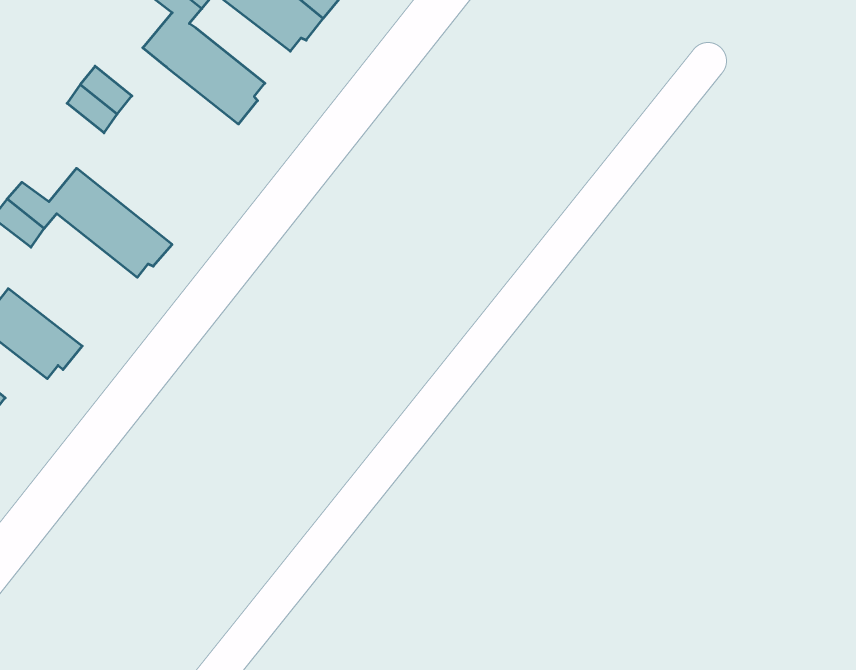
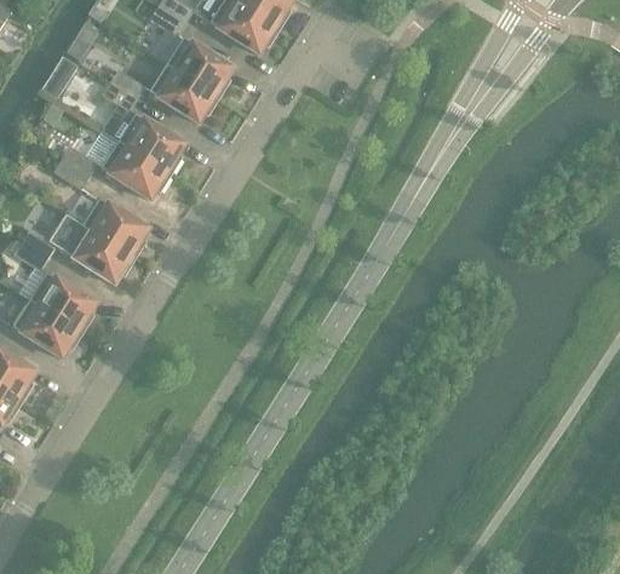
building: none -> [98,140,167,199]
building: none -> [63,197,145,258]
building: none -> [27,271,93,332]

